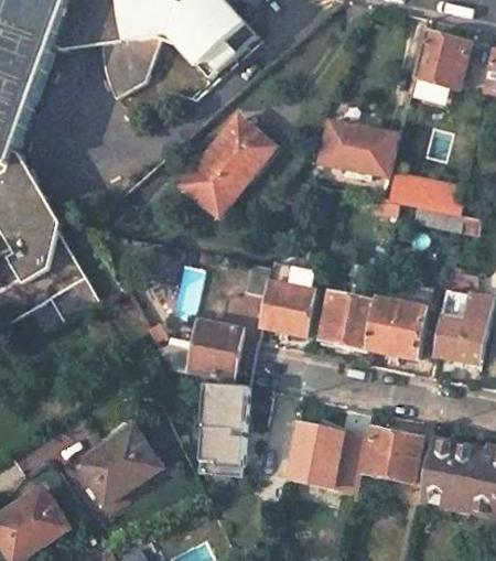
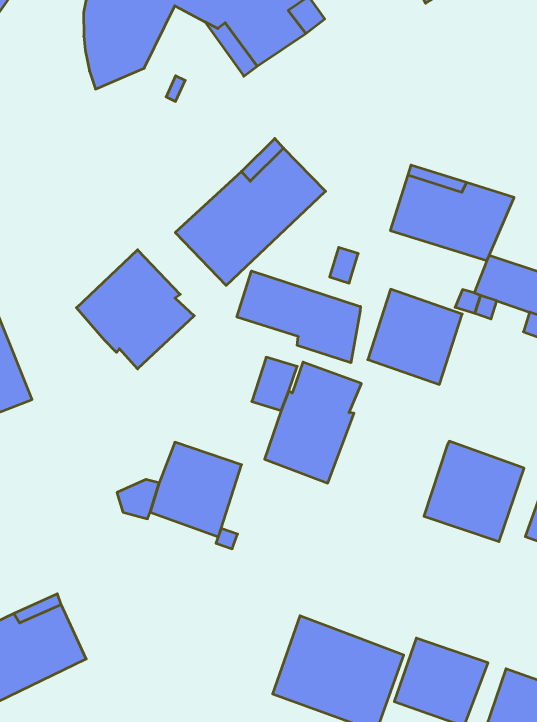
building: none -> [76,250,194,369]
building: none -> [237,271,360,363]
building: [316,290,374,347] -> [368,289,462,384]
building: [196,384,244,464] -> none

